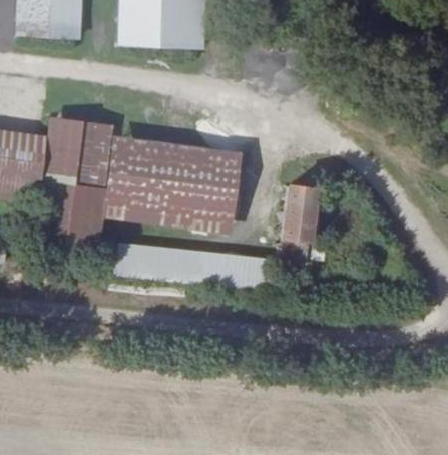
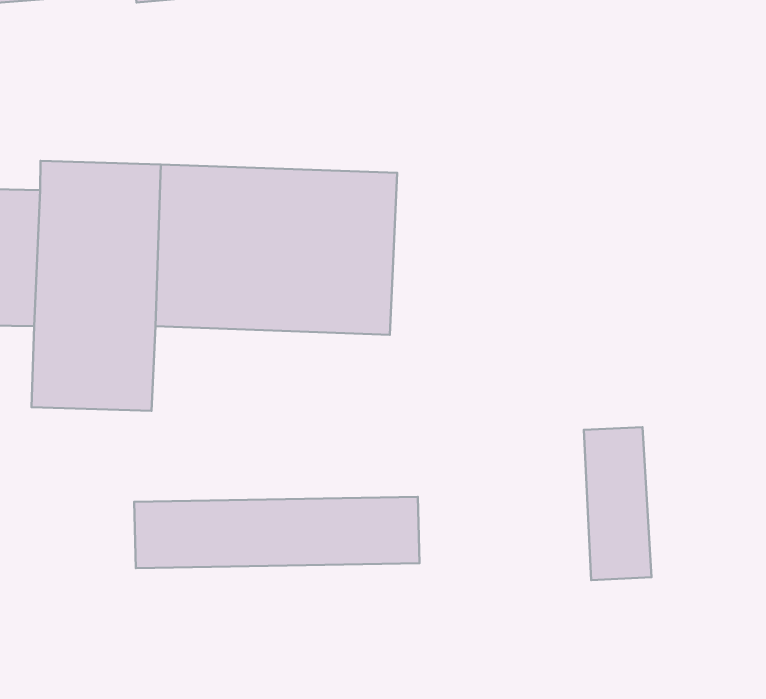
building: [285,183,320,263] -> [584,427,652,580]
building: [112,243,261,291] -> [134,497,420,568]

